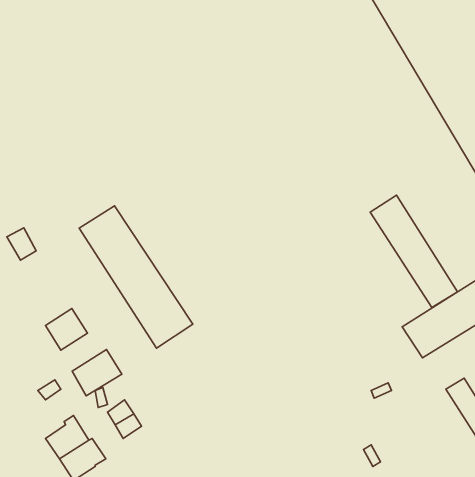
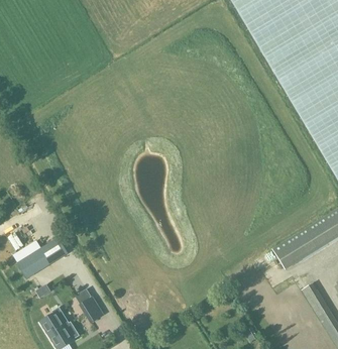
building: [370,195,458,308] -> none
building: [79,206,193,348] -> none
building: [72,349,122,396] -> [18,248,50,278]

